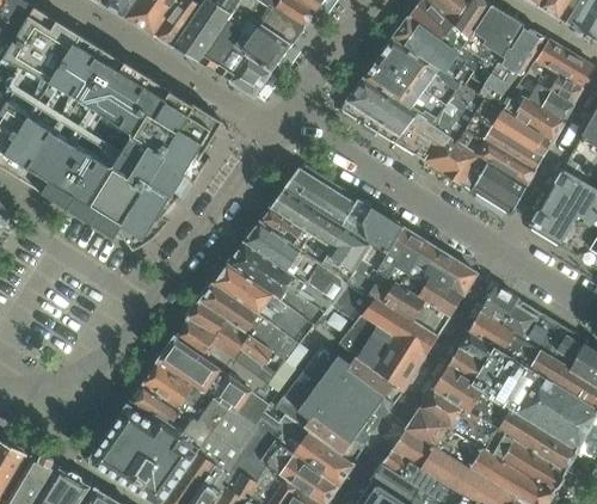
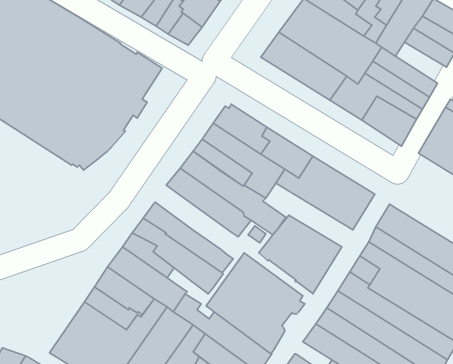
building: [503,91,564,140] -> none
building: [344,259,451,336] -> none
building: [215,262,314,344] -> none

